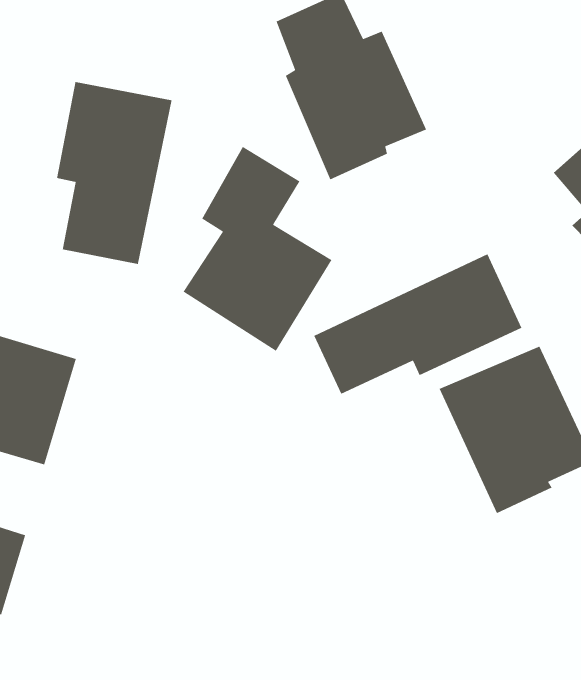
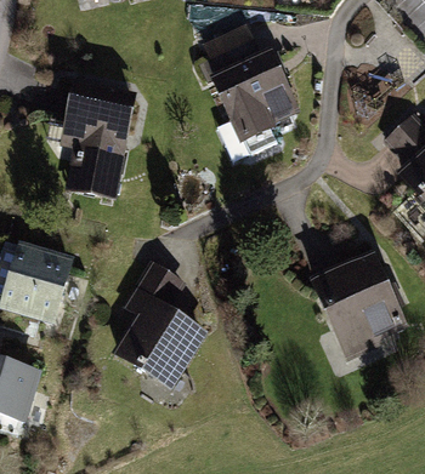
building: [182,146,332,352] -> [112,256,209,389]
building: [313,253,523,395] -> none

